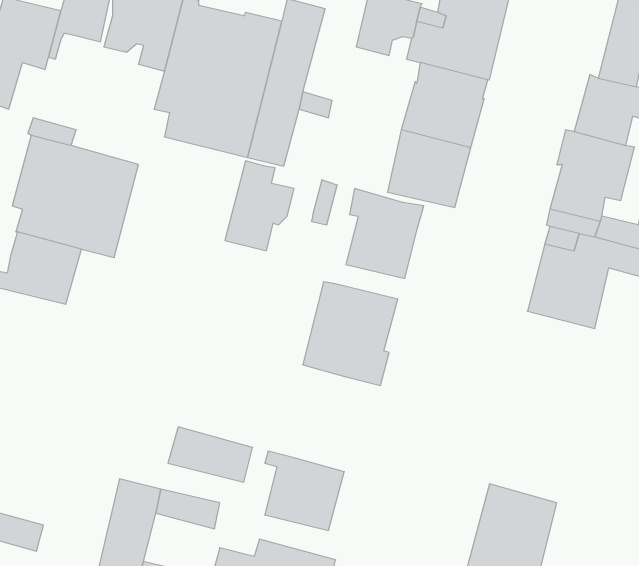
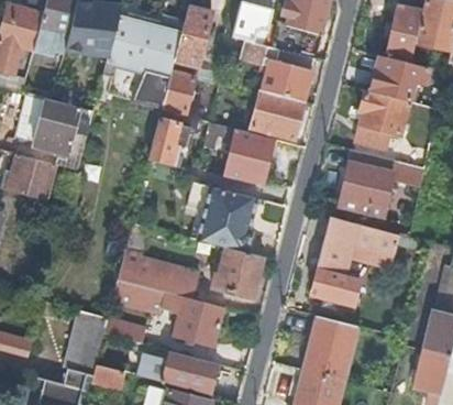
building: none -> [309,219,398,306]
building: none -> [118,225,198,299]
building: none -> [209,248,262,298]

